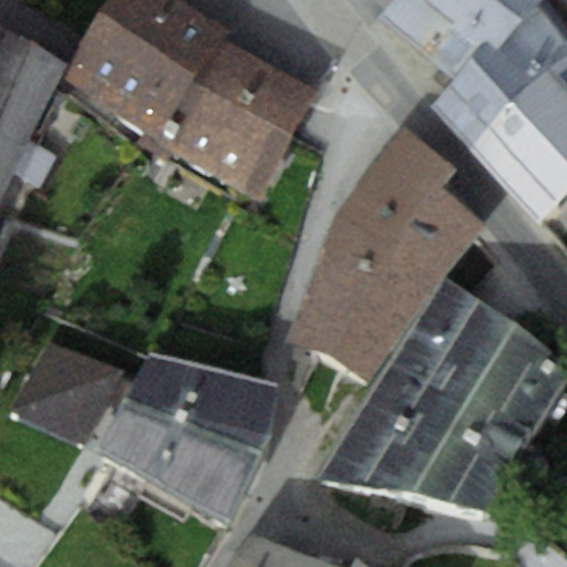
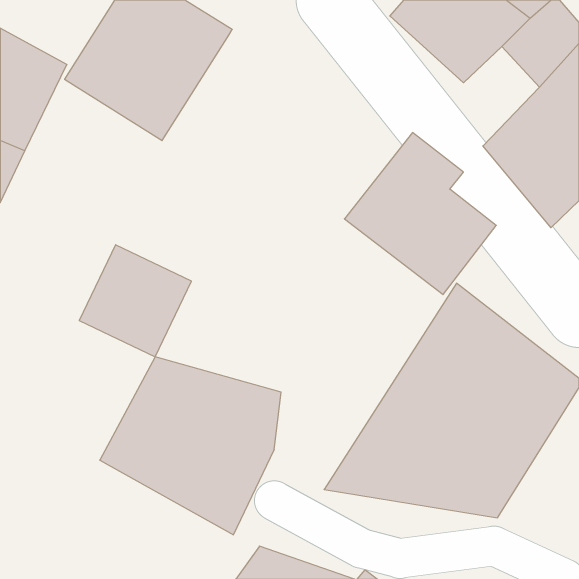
building: [158,34,316,197] -> none
building: [436,45,527,143] -> none
building: [291,214,433,379] -> none
building: [12,338,122,447] -> [79,245,191,357]

